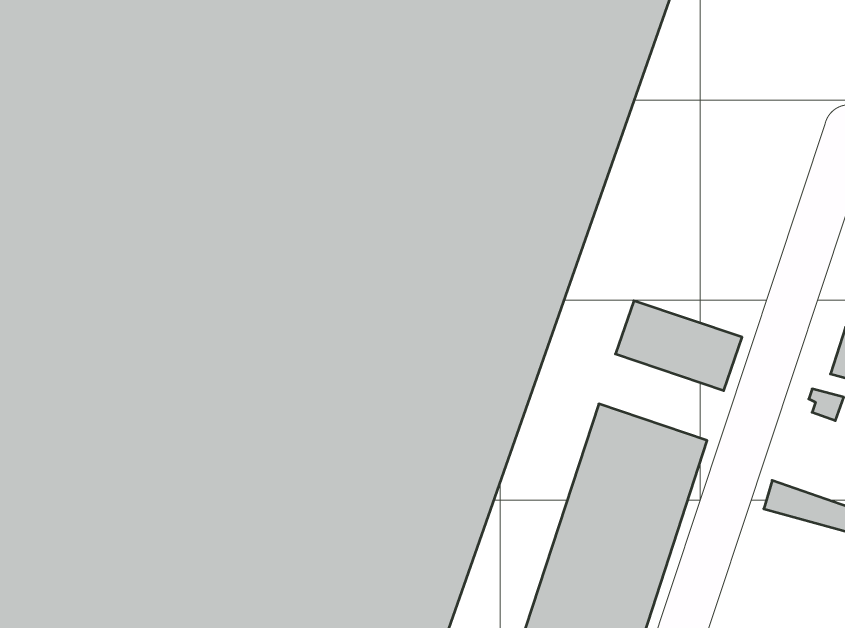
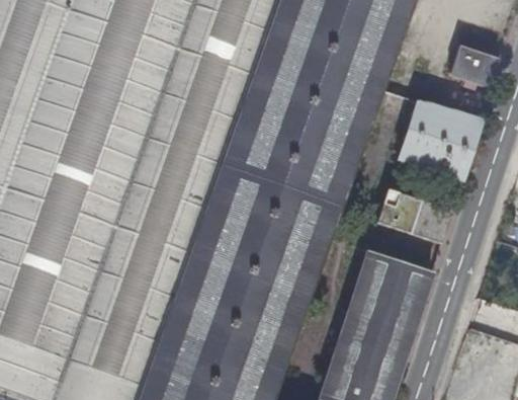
building: none -> [449,44,502,88]
building: none -> [398,98,483,179]

